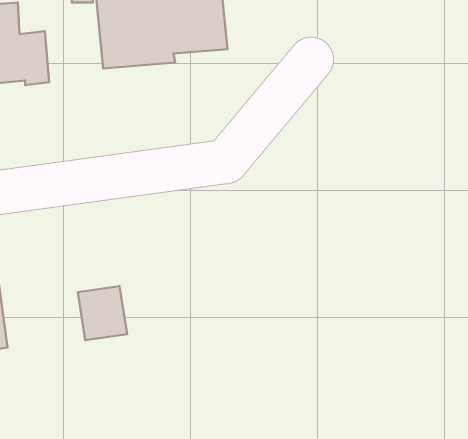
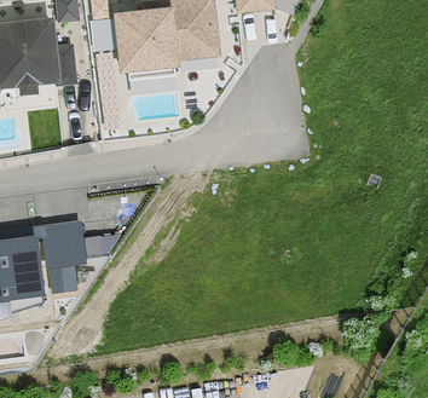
building: [78,286,127,340] -> [46,221,86,265]

